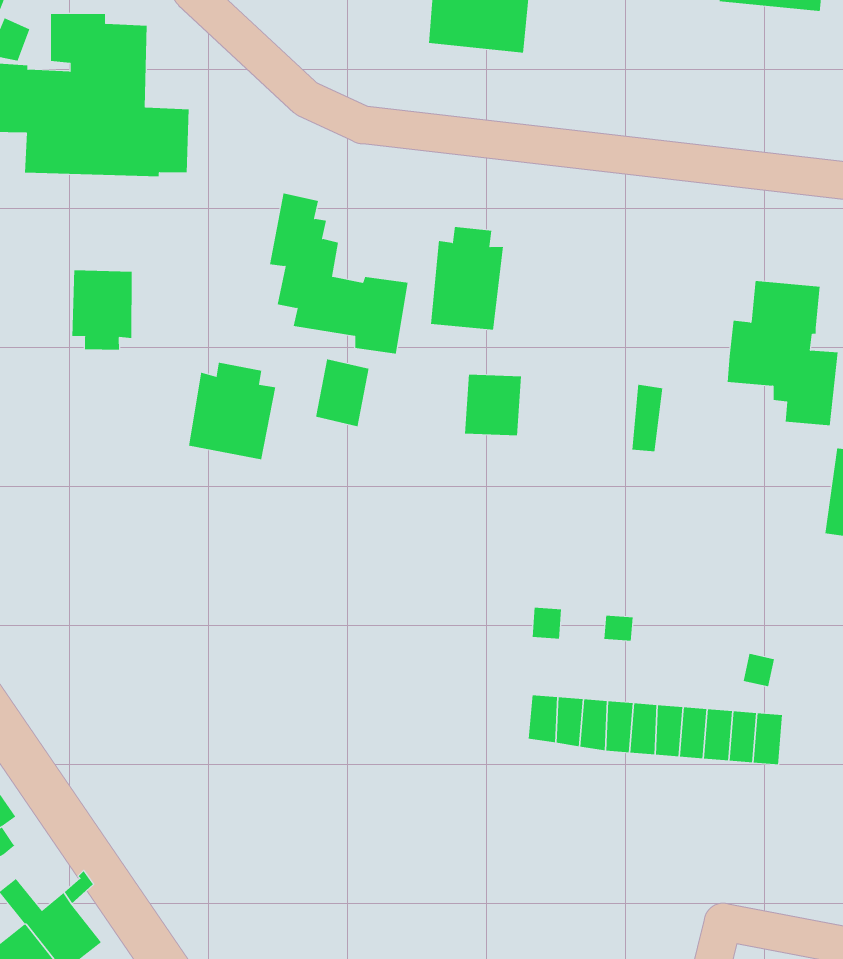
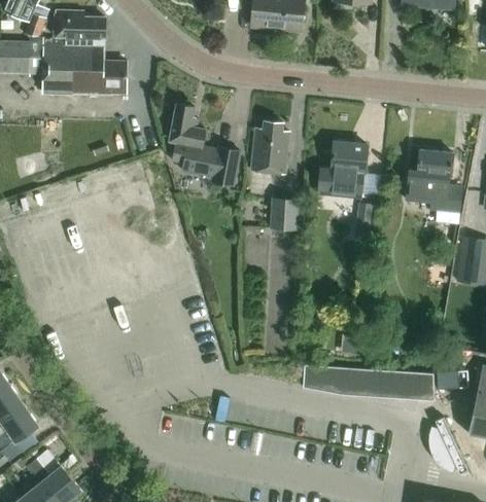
building: none -> [318,140,369,198]
building: [72,270,132,350] -> none
building: [315,358,369,427] -> none
building: [189,362,276,460] -> none

